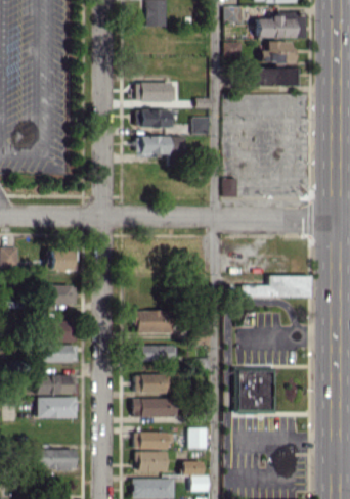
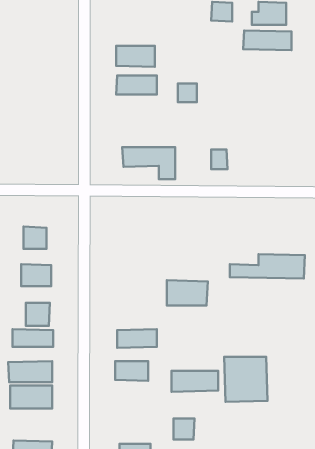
building: [136,136,185,166] -> [122,147,175,179]
building: [135,310,173,333] -> [167,280,208,306]
building: [134,398,177,417] -> [172,371,218,392]
building: [135,432,168,449] -> none

